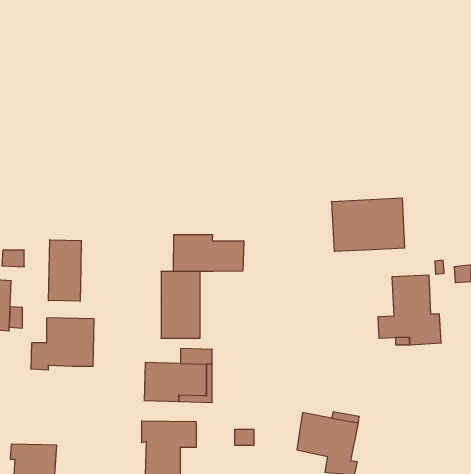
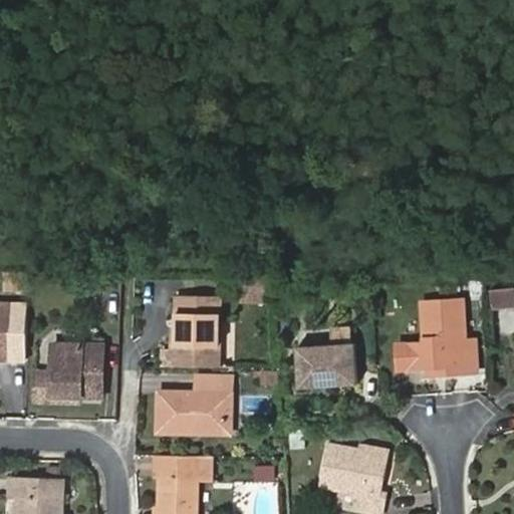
building: [332,198,405,252] -> none
building: [174,235,244,271] -> none
building: [49,240,81,301] -> none
building: none -> [293,327,356,389]

